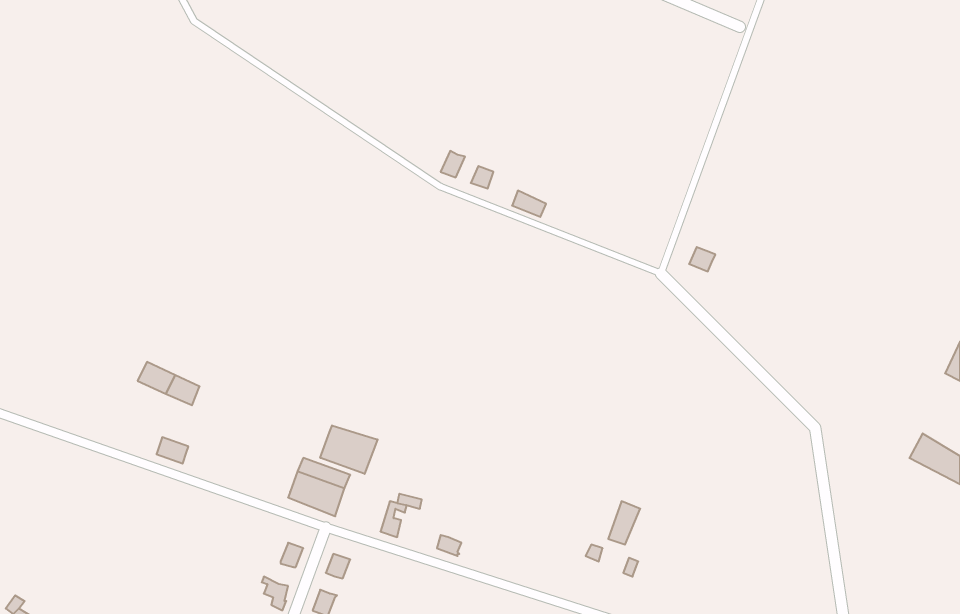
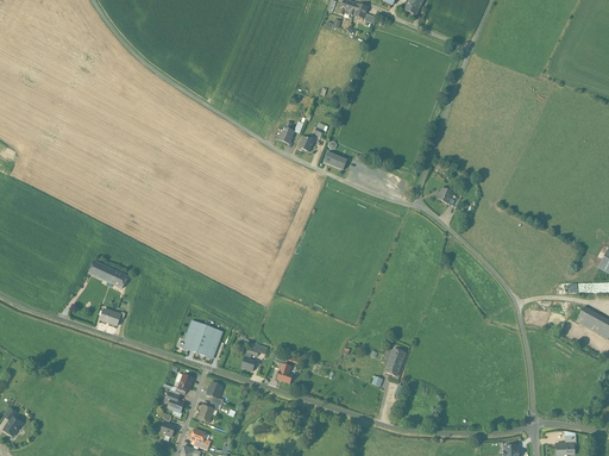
building: [320,425,378,474] -> none

